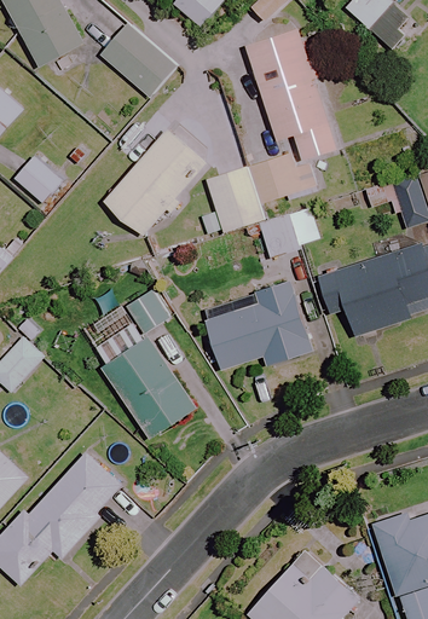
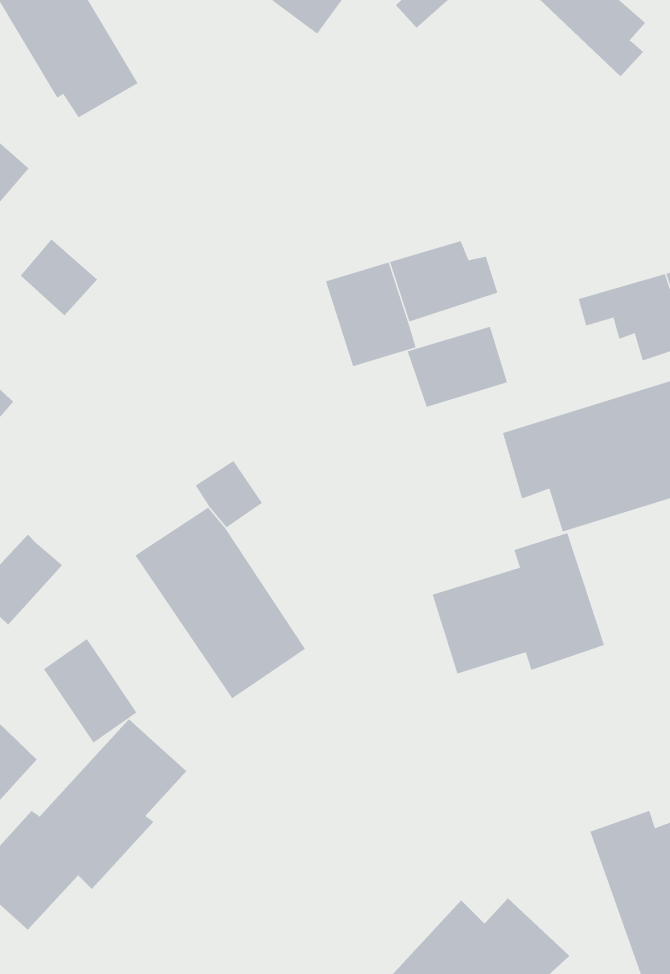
building: [100,24,175,98] -> none
building: [245,30,336,161] -> none
building: [104,129,206,236] -> none
building: [204,280,312,369] -> [432,532,605,674]
building: none -> [43,638,137,743]

